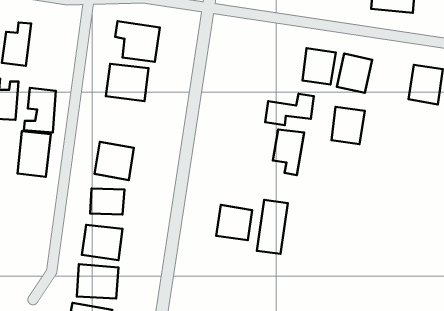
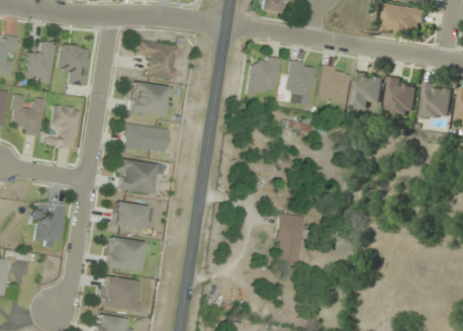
building: none -> [57,44,89,85]
building: none -> [248,56,279,93]
building: [331,107,365,144] -> [387,77,420,113]
building: none -> [122,125,167,152]
building: [273,129,304,175] -> [286,61,316,105]
building: [18,131,51,177] -> [32,201,65,246]
building: [216,205,252,240] -> none

